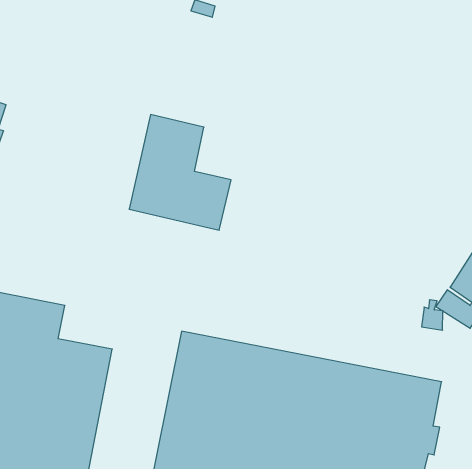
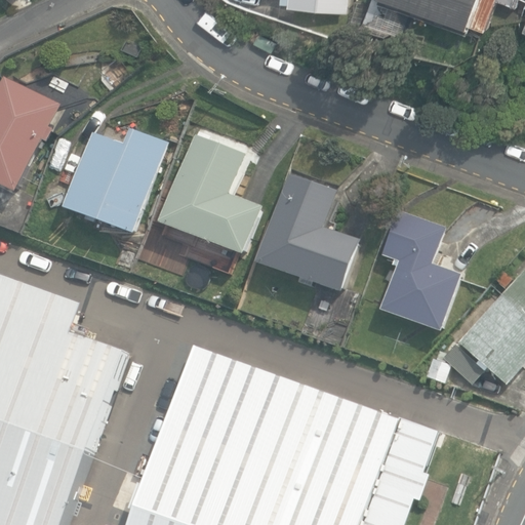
building: none -> [64,129,166,235]
building: none -> [256,174,359,293]
building: none -> [379,212,459,331]

